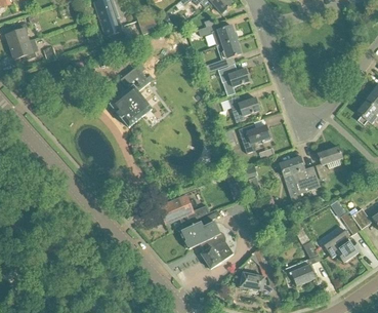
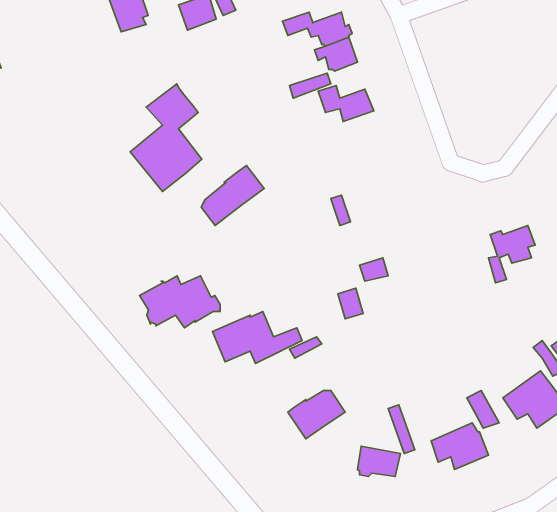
building: [218,94,259,115] -> none
building: none -> [201,166,264,226]
building: [238,123,269,152] -> none
building: [279,156,319,193] -> none
building: [178,220,224,249] -> [140,276,220,328]

